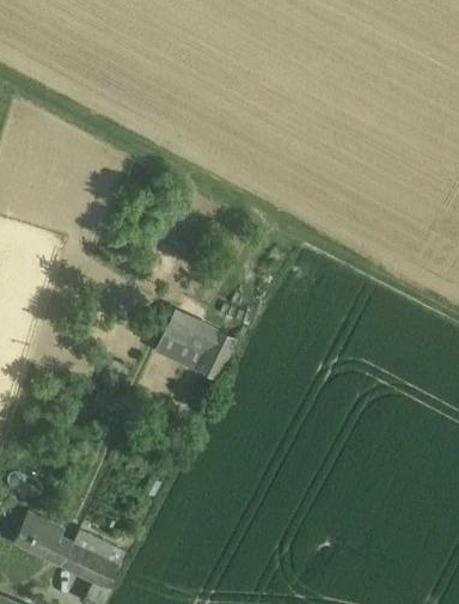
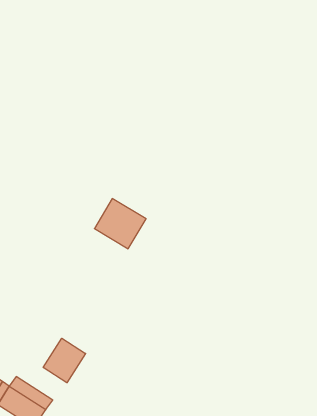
building: none -> [43,338,86,383]

